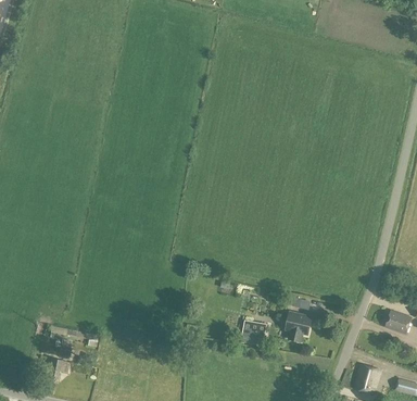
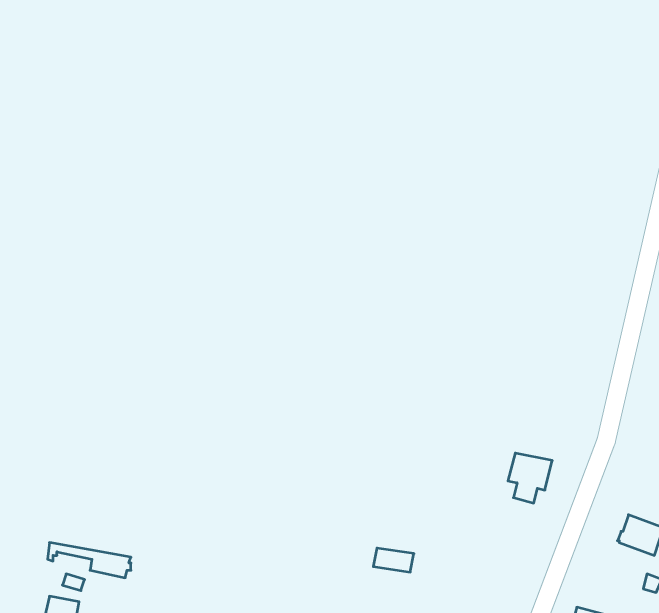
building: [286,312,312,341] -> [508,453,552,503]

